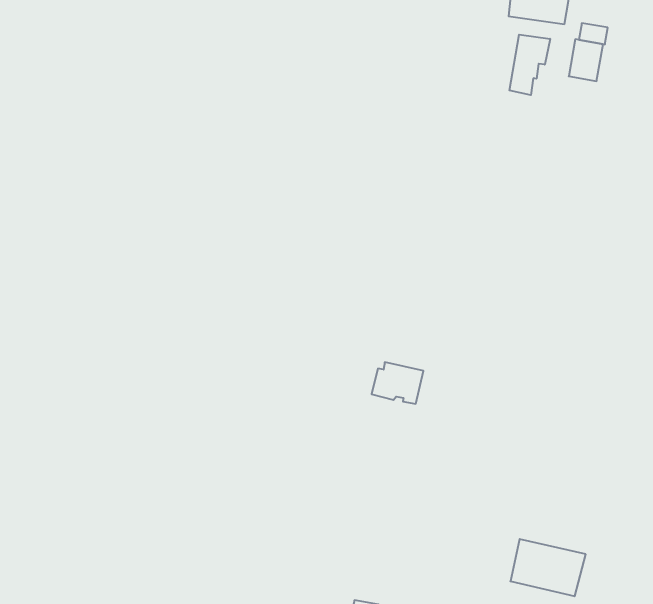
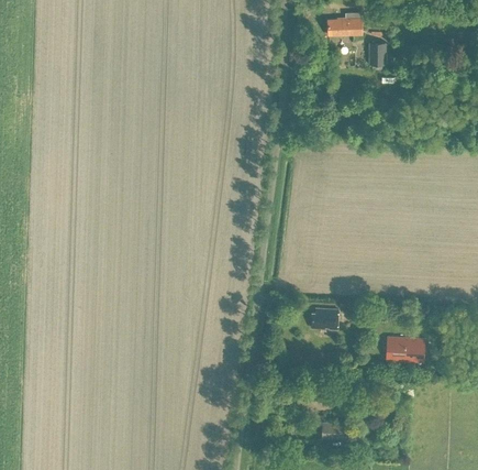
building: [509,35,550,95] -> none
building: [372,362,423,404] -> [310,309,337,330]

